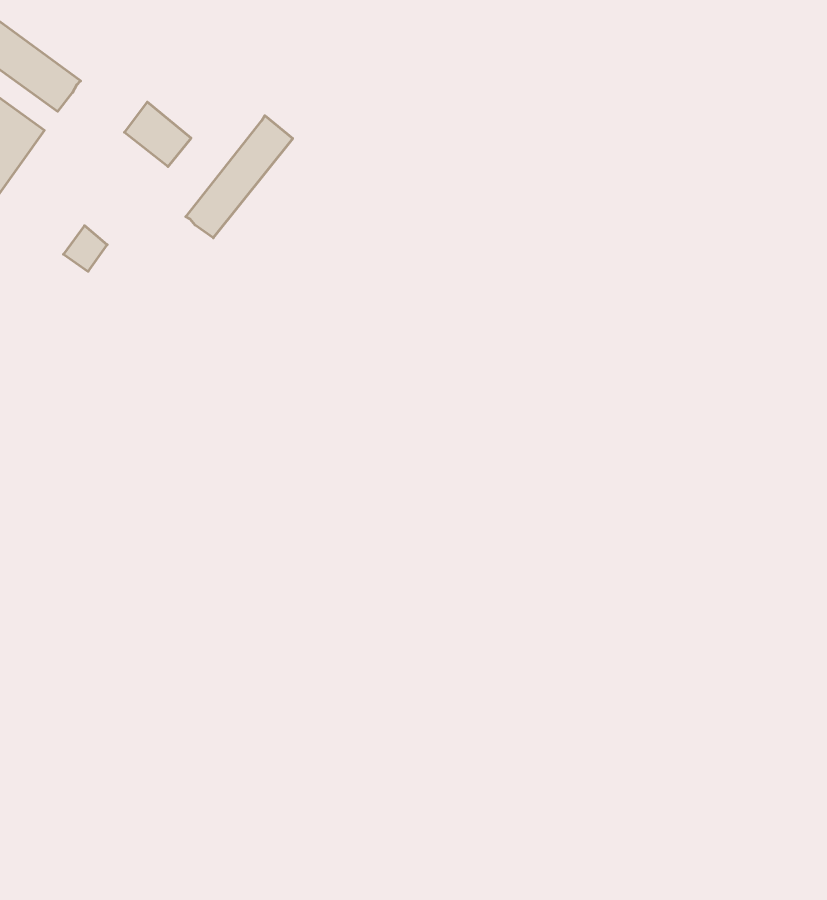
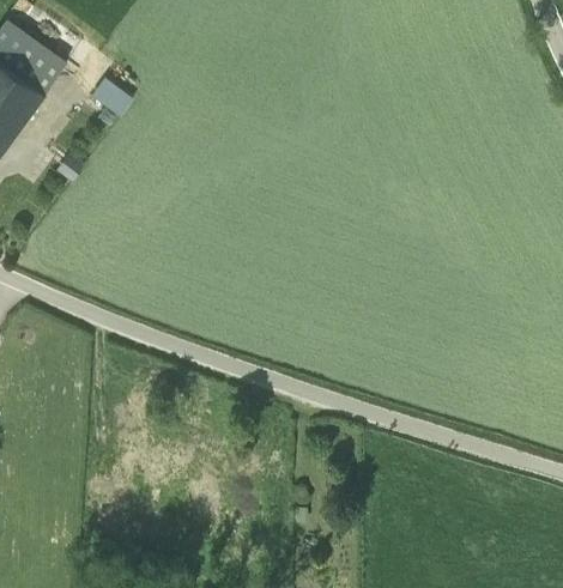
building: [186,116,293,238] -> none

